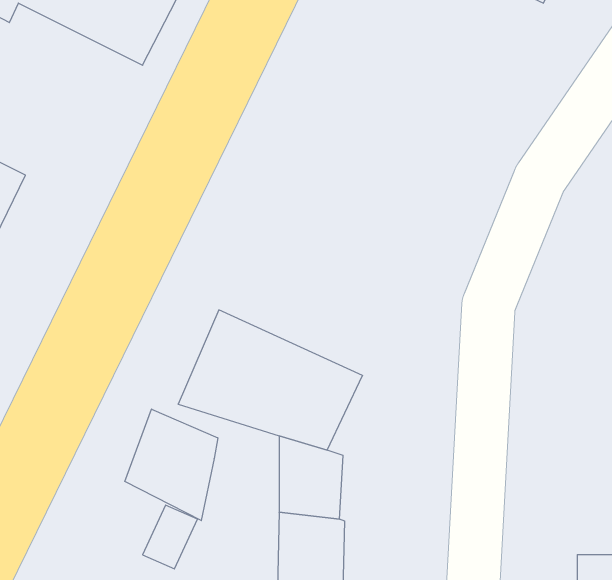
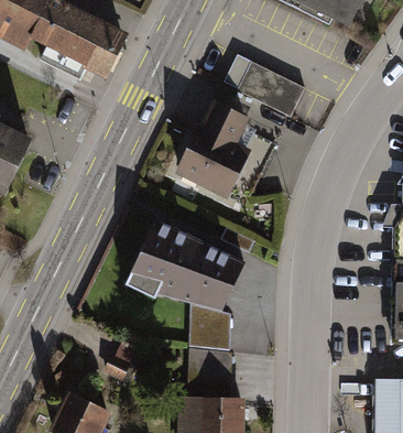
building: none -> [238,65,306,119]
building: none -> [185,108,275,204]
building: [125,409,218,521] -> none

